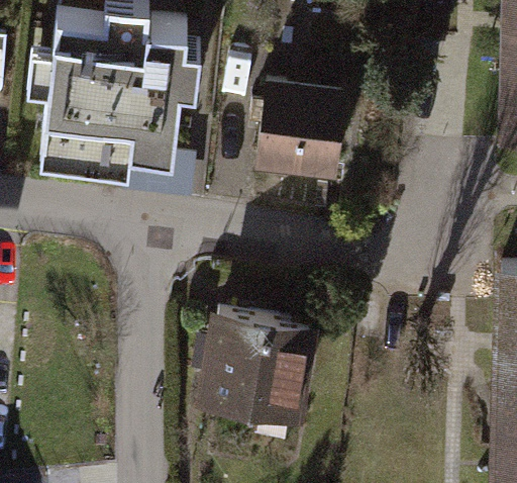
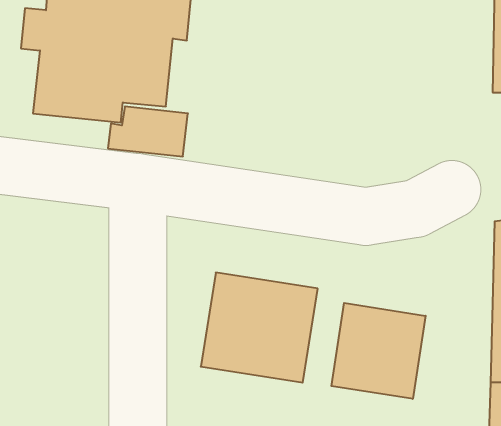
building: [258,79,351,174] -> none
building: none -> [331,303,426,399]

